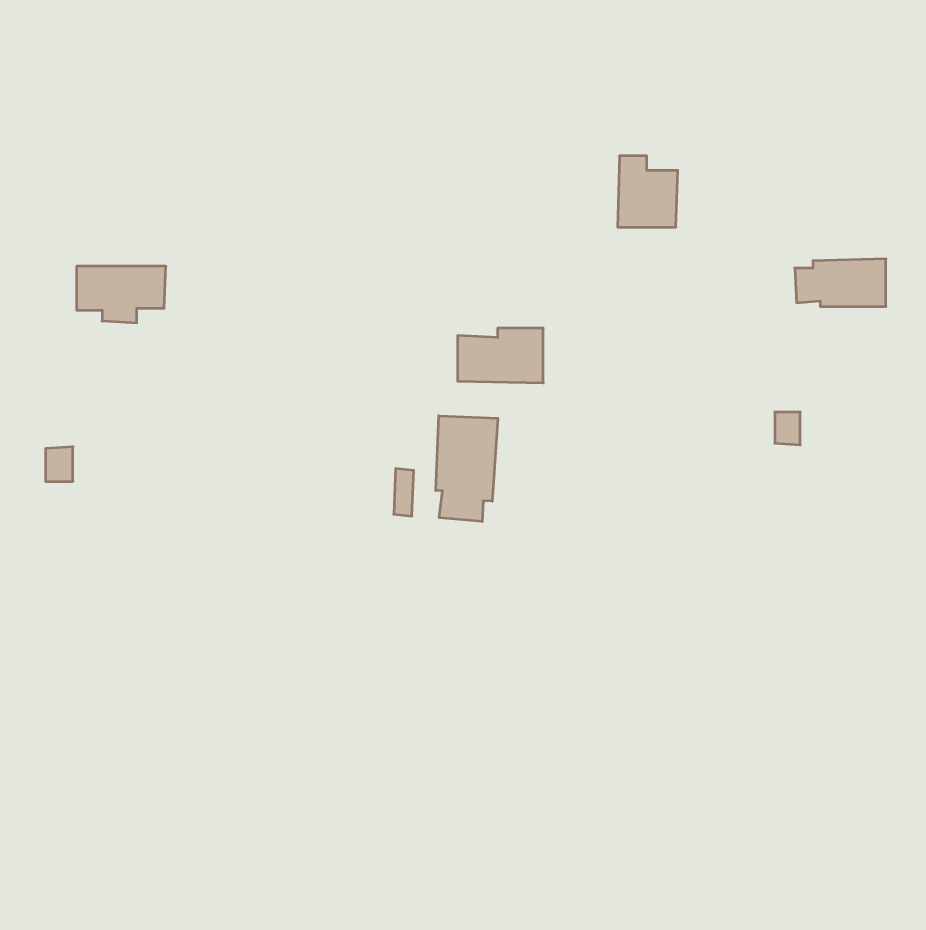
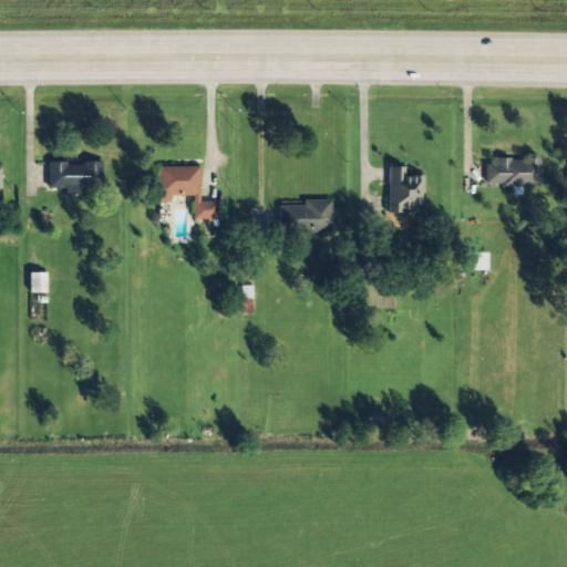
building: [618,156,678,227] -> [389,166,425,209]
building: none -> [159,165,217,218]
building: [436,416,498,522] -> none

